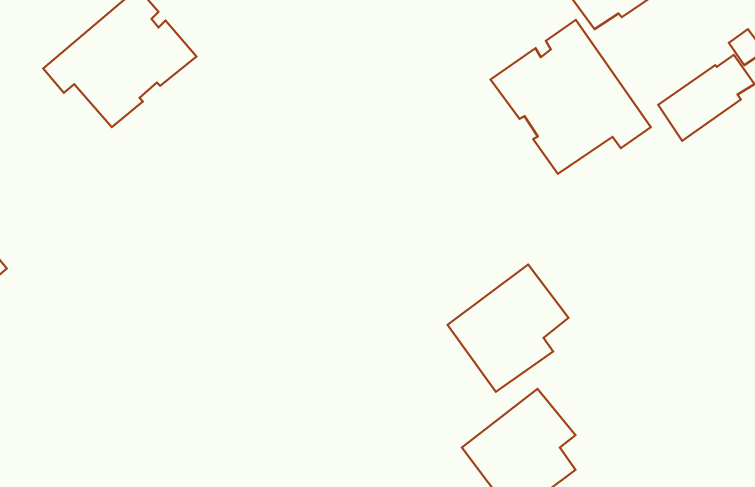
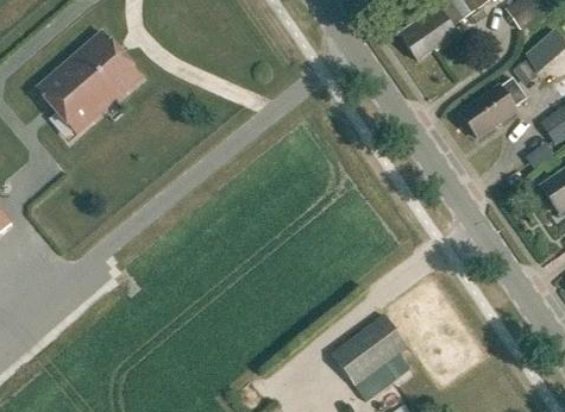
building: [490,20,651,174] -> none
building: [447,264,568,392] -> none

